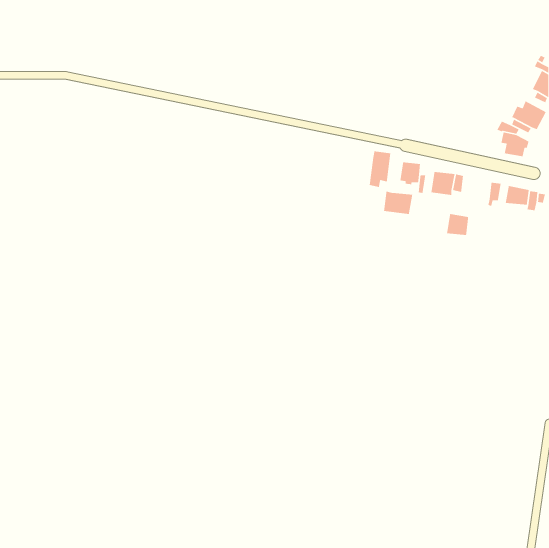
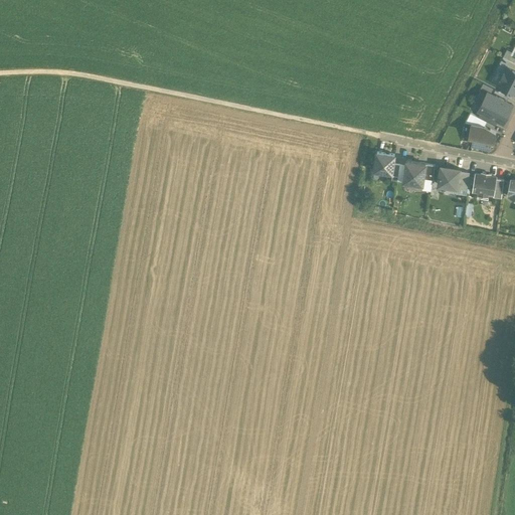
building: [369,151,391,188] -> none
building: [383,191,413,215] -> none
building: [446,213,469,236] -> [438,167,459,188]

